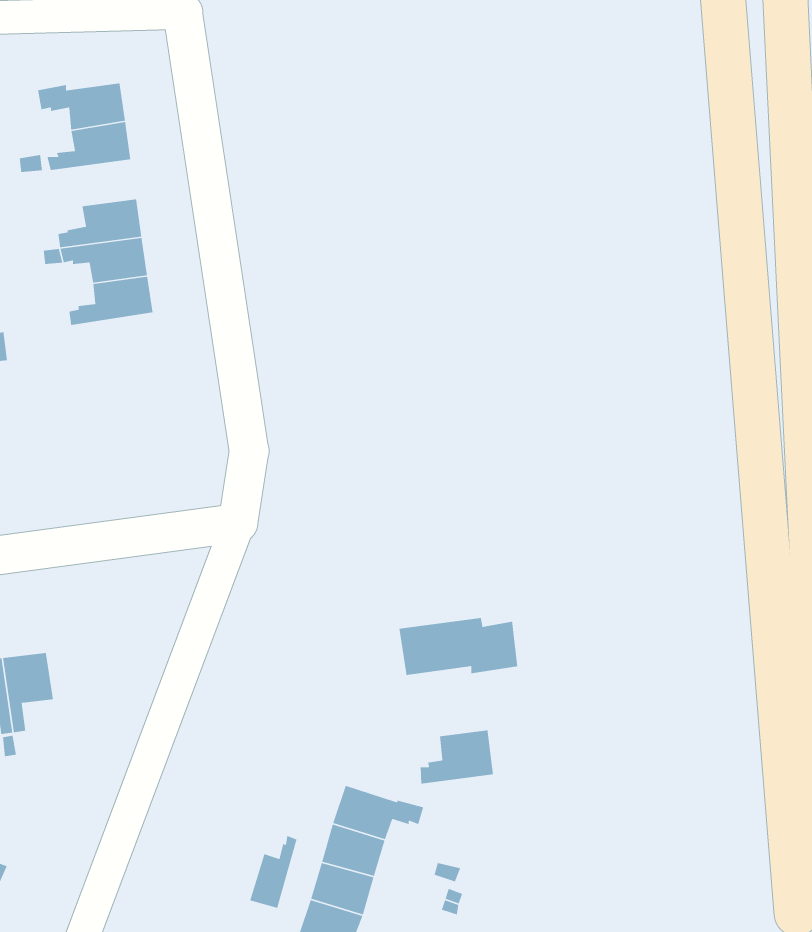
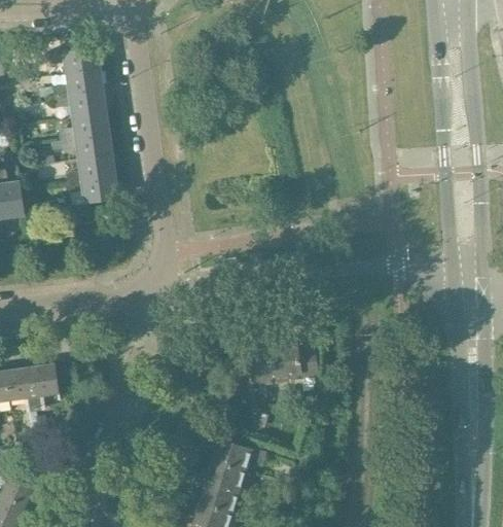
building: none -> [57,92,105,117]
building: none -> [68,177,117,204]
building: [420,729,494,785] -> none
building: [249,835,297,909] -> none

